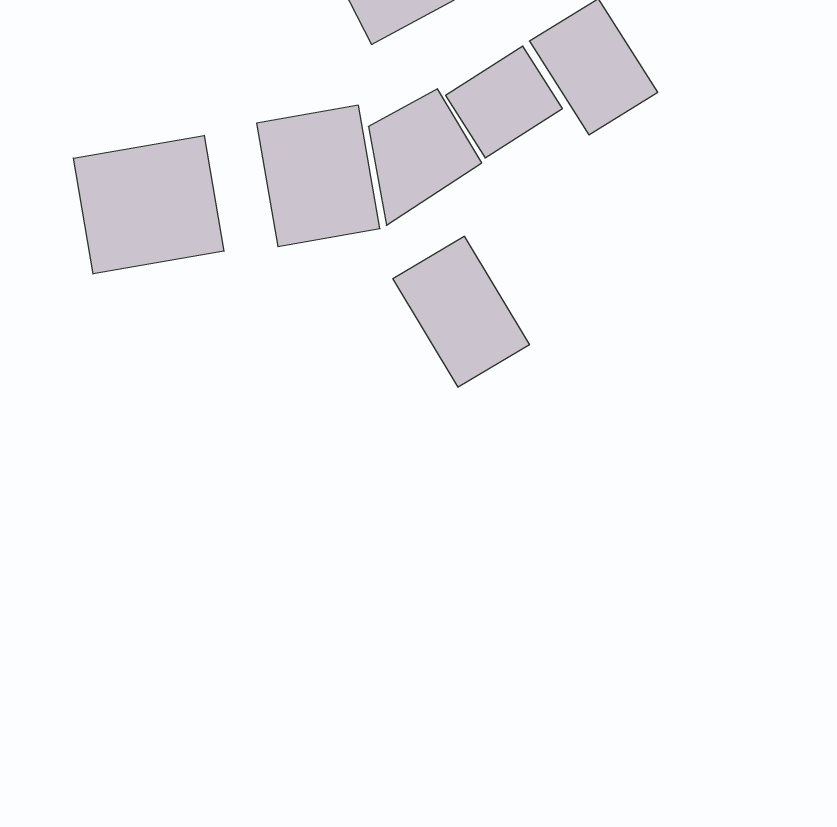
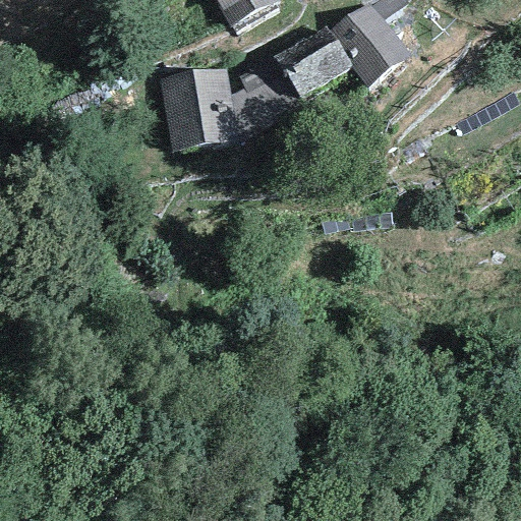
building: [73,135,224,274] -> none
building: [393,236,529,387] -> none

